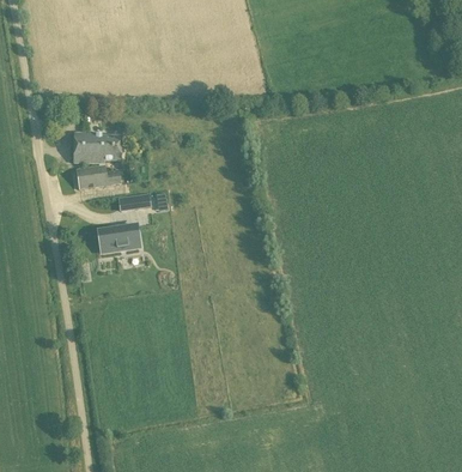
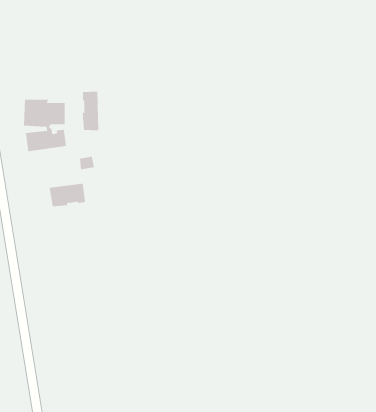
building: none -> [82,91,99,131]

